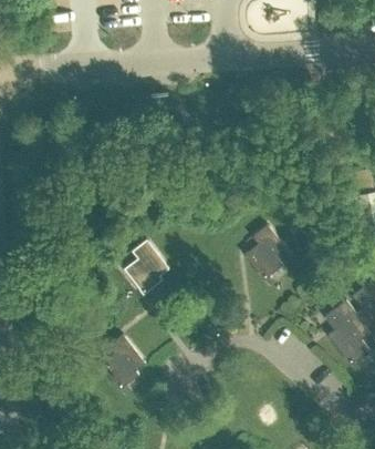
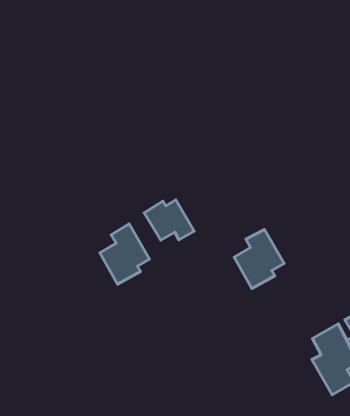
building: none -> [144,200,194,240]
building: [101,334,145,389] -> none

